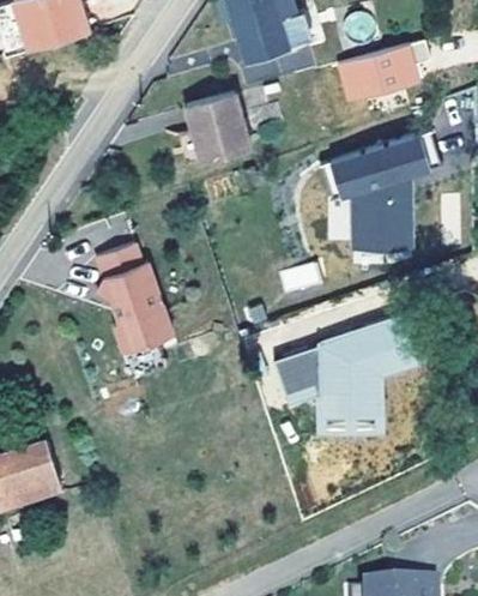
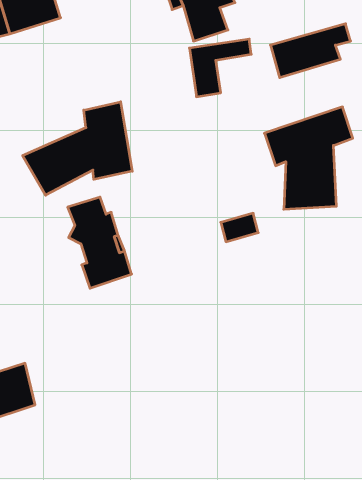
building: [182,90,249,159] -> none
building: none -> [23,102,132,195]
building: [288,315,438,435] -> none

